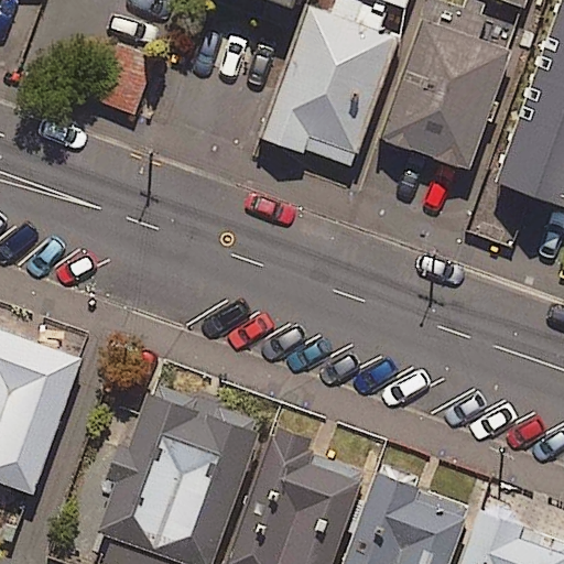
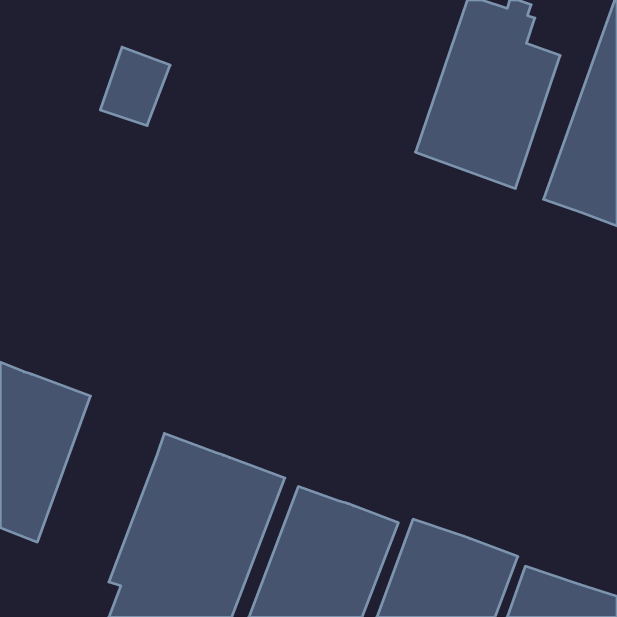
building: [260,7,398,170] -> none

